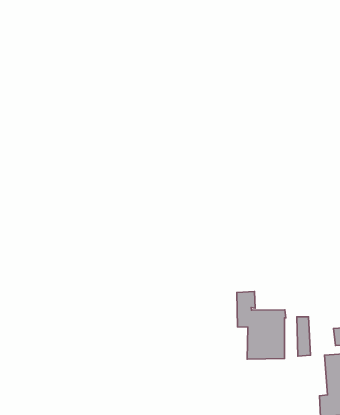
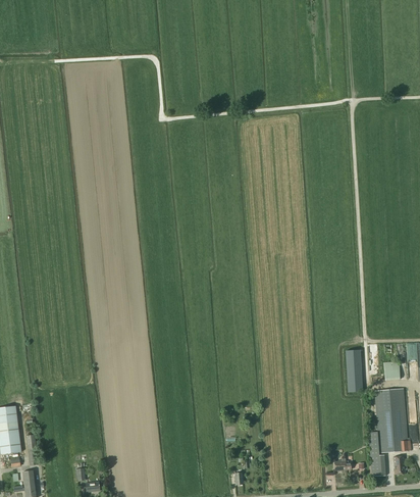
building: [237,291,286,359] -> none

